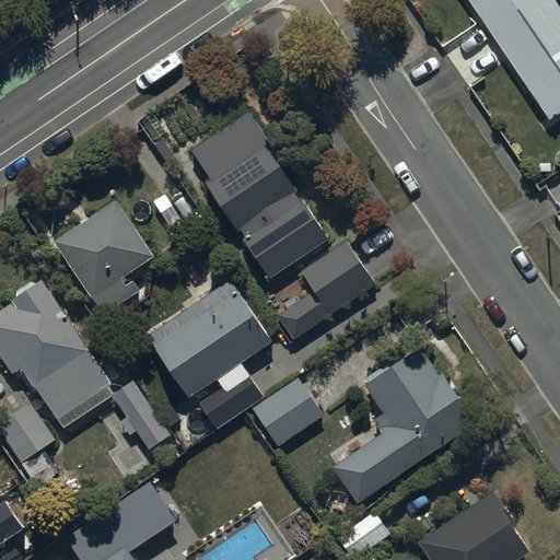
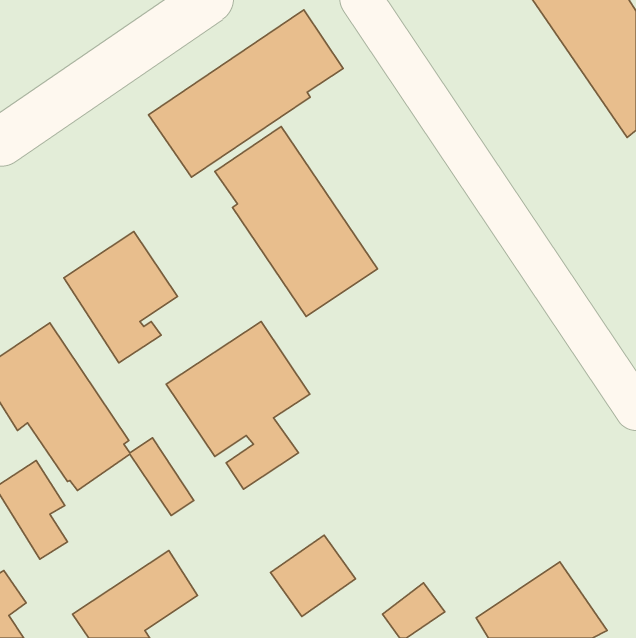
building: none -> [149,10,343,177]
building: [275,240,374,340] -> none
building: [331,350,474,504] -> none
building: [248,378,323,450] -> [271,535,356,616]

